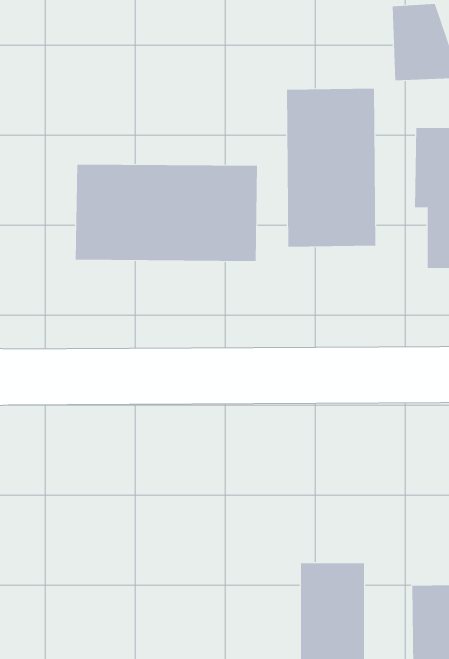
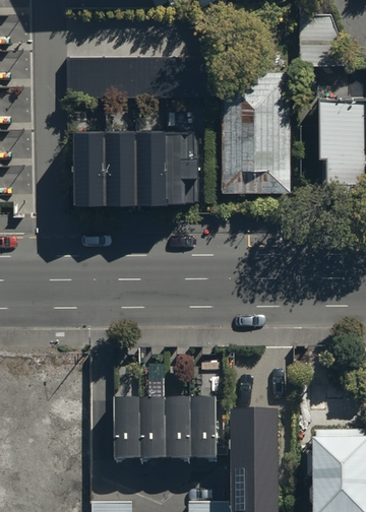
building: none -> [116,400,214,462]

